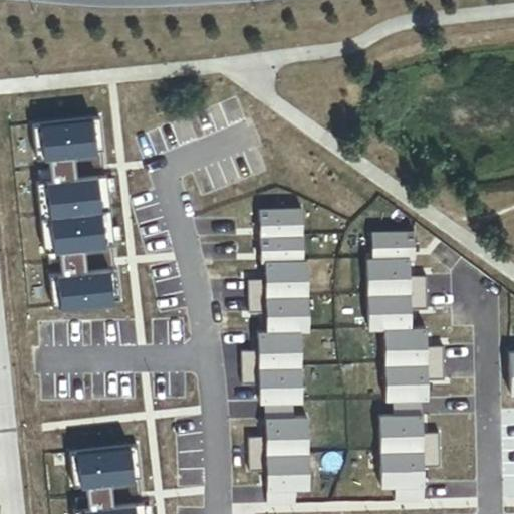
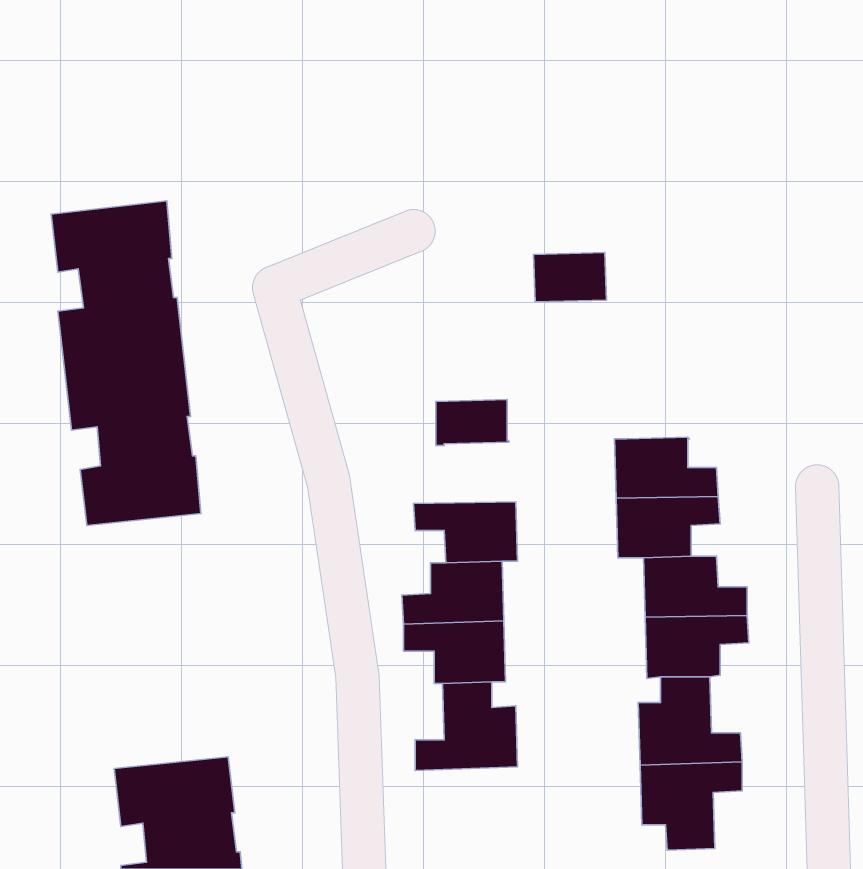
building: [260,208,303,237] -> [533,253,607,302]
building: [371,231,415,259] -> none
building: [248,260,308,297] -> none
building: [249,453,310,505] -> none

